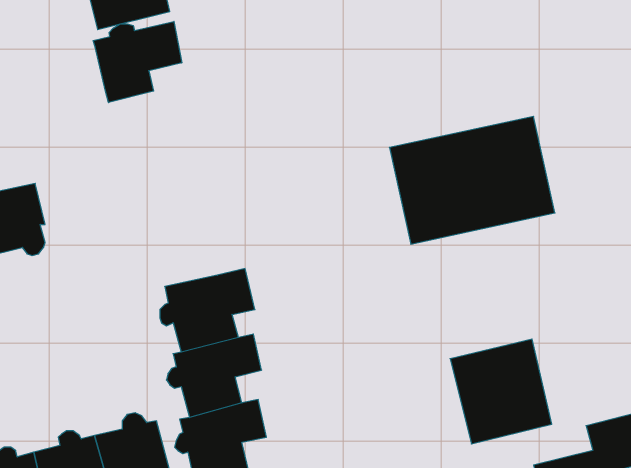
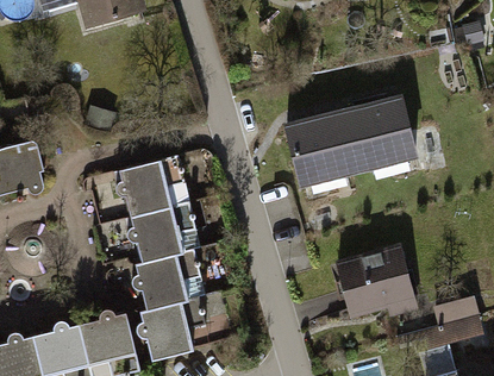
building: [93,21,182,103] -> none
building: none -> [115,158,181,214]

